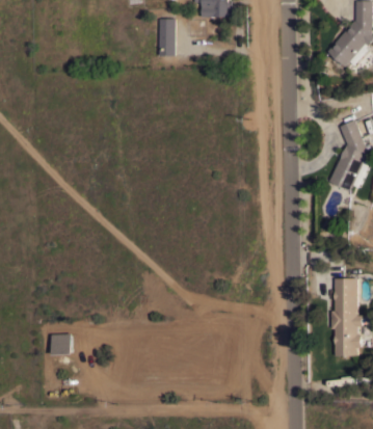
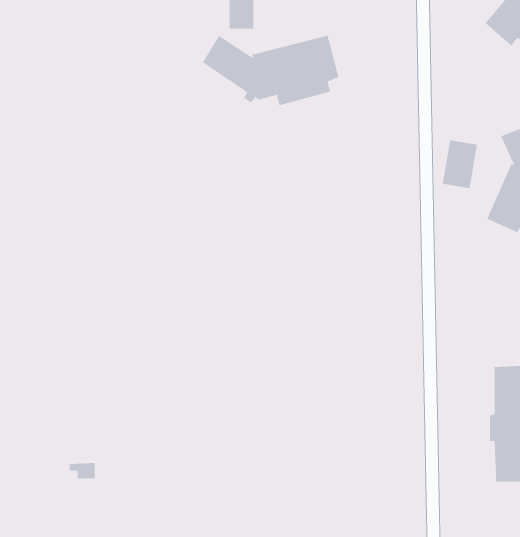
building: none -> [202,35,340,106]
building: none -> [442,139,478,189]

